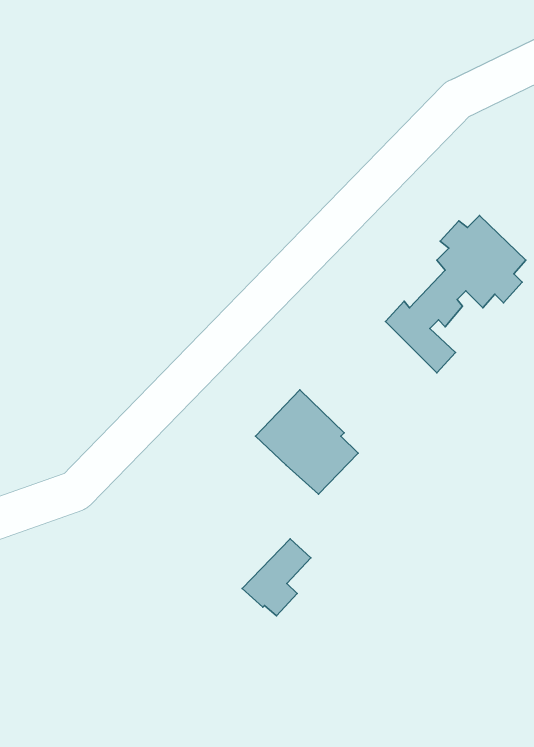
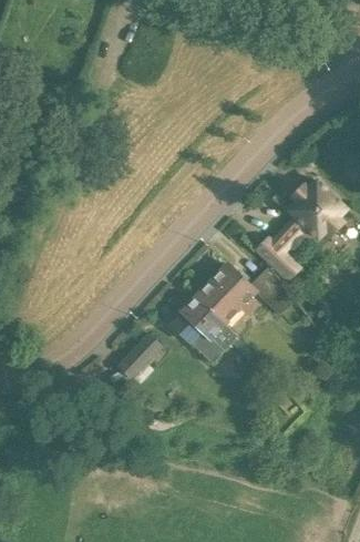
building: none -> [199,262,295,320]
building: [242,539,311,616] -> [116,333,161,382]

